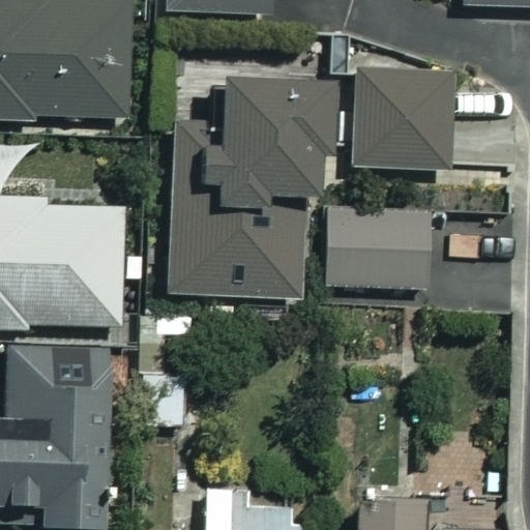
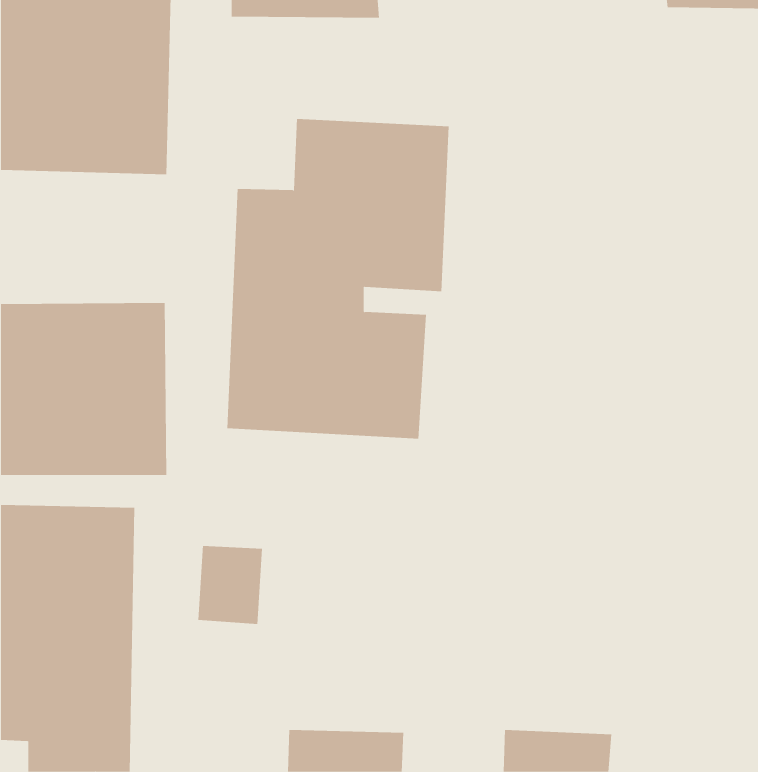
building: [352,72,452,169] -> none
building: [330,213,434,288] -> none

